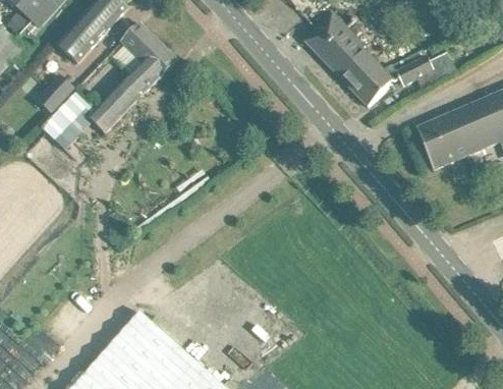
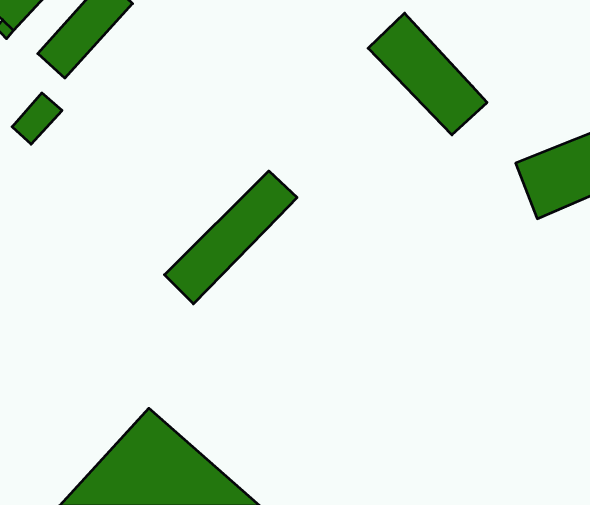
building: [42,22,178,152] -> none
building: [395,51,457,90] -> none
building: none -> [164,171,297,304]

